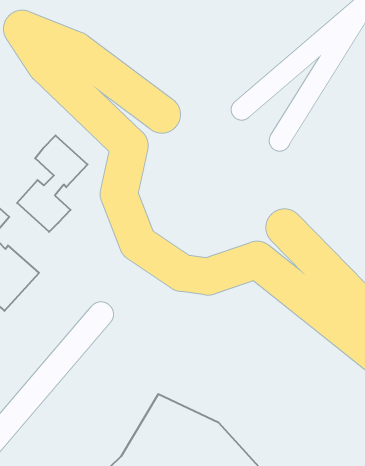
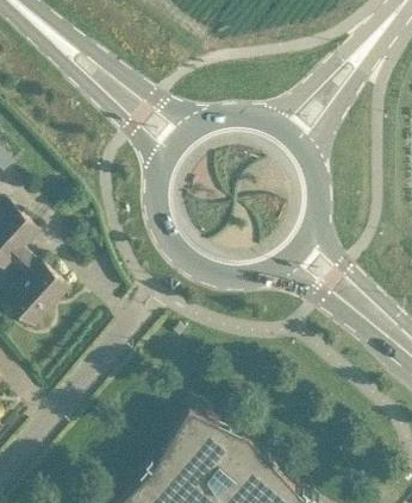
building: [17,135,88,232] -> none

